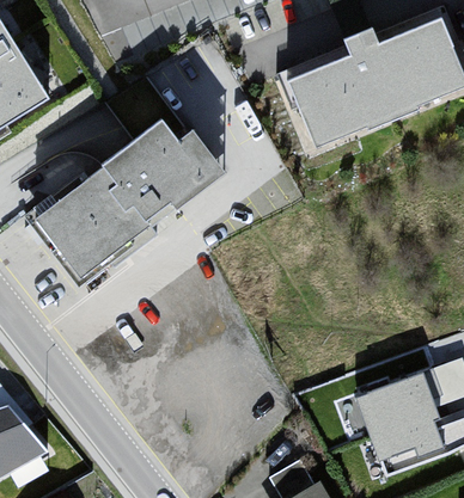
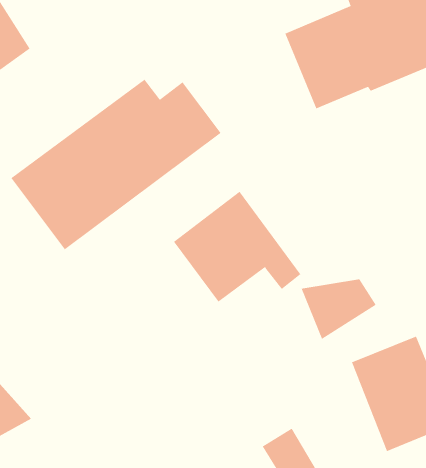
building: none -> [173,191,301,302]
building: none -> [301,278,376,340]

